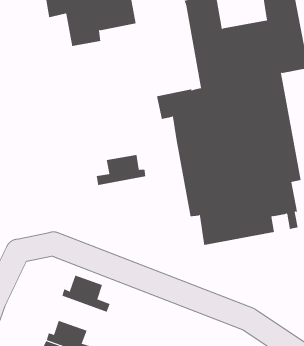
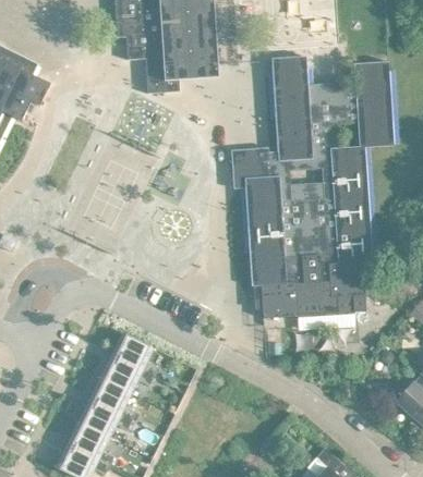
building: [96,154,146,186] -> none
building: none -> [101,353,154,392]

